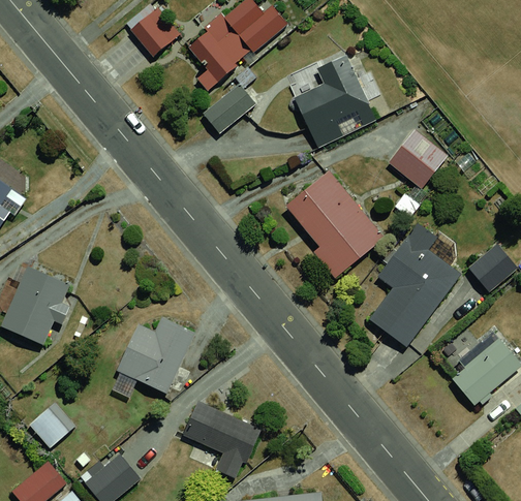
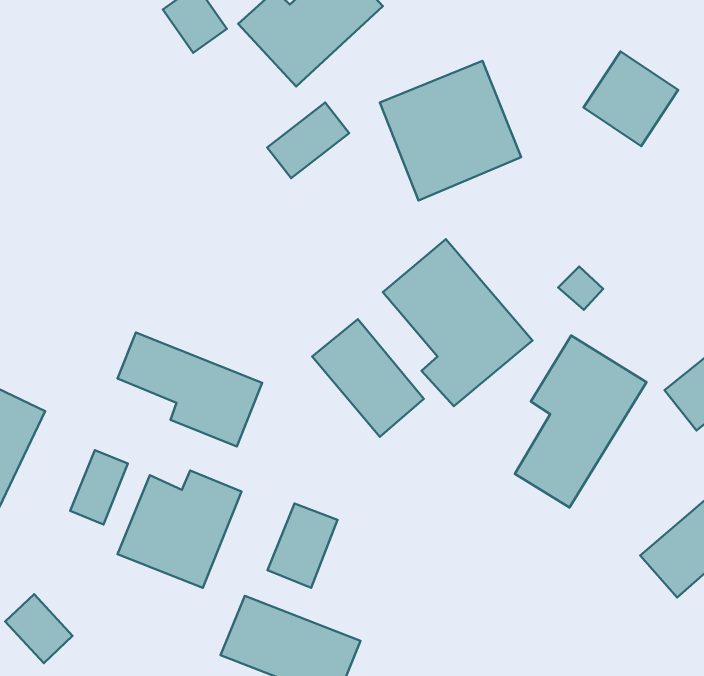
building: [387,128,448,189] -> [583,51,678,146]
building: none -> [312,319,424,437]
building: none -> [118,332,262,447]
building: none -> [70,450,128,525]
building: none -> [268,504,338,588]

